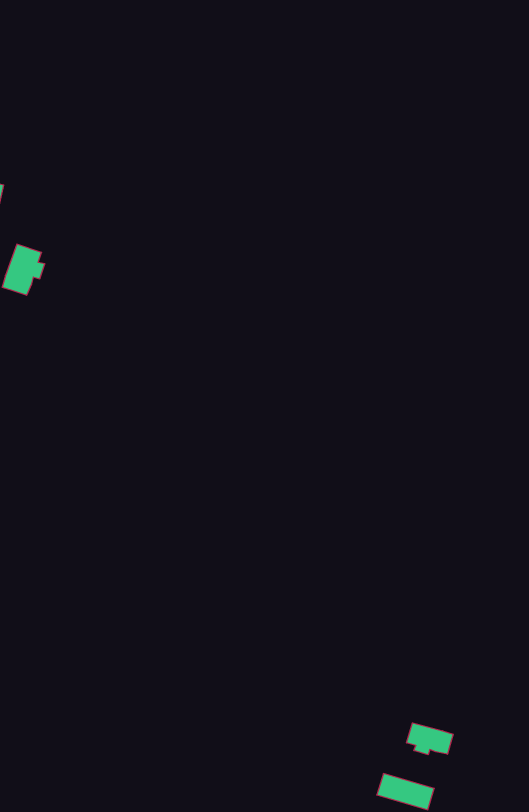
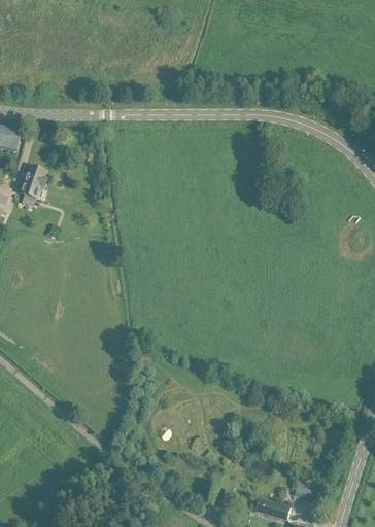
building: [407,723,453,755] -> none

